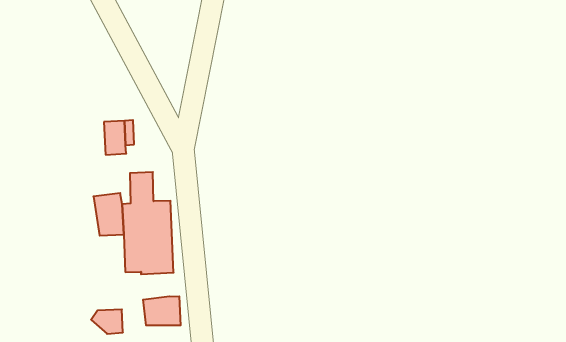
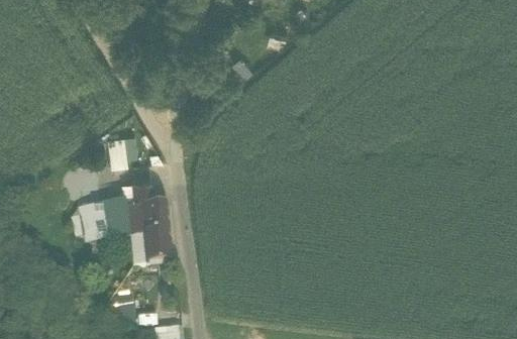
building: none -> [73,203,110,239]
building: [143,296,181,325] -> none

